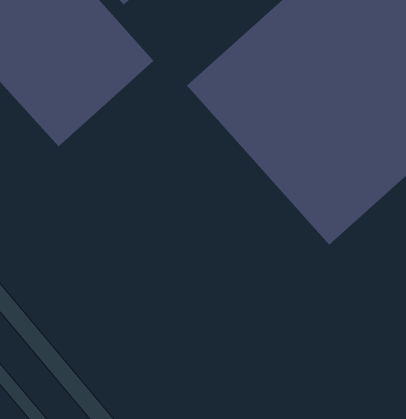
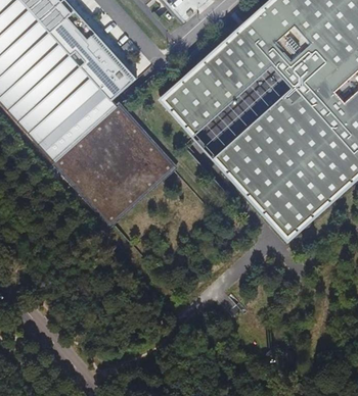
building: none -> [52,97,170,214]

